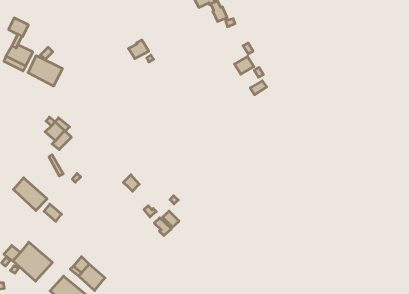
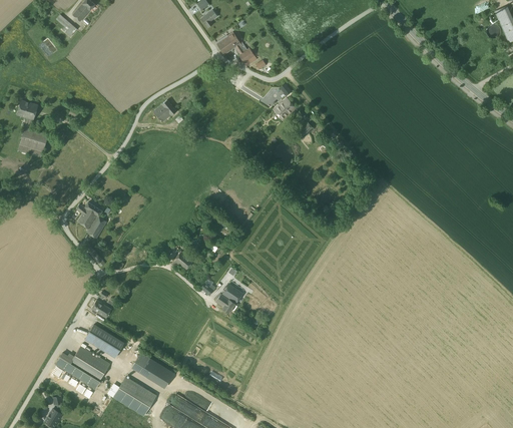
building: [28,56,62,86] -> none
building: [13,178,47,211] -> [85,324,124,358]

